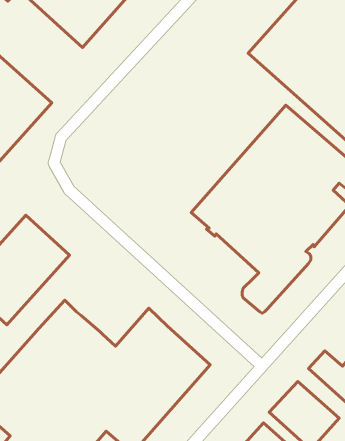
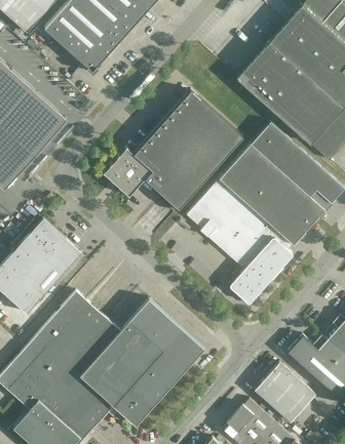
building: none -> [104,91,244,212]

